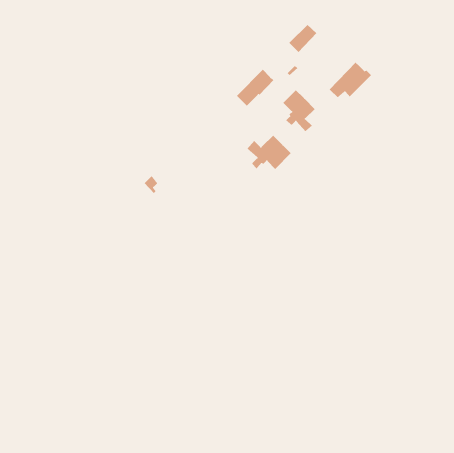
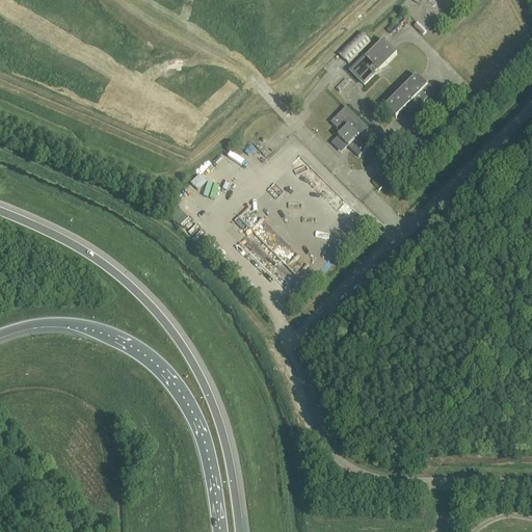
building: [236,69,274,107] -> [349,37,394,81]
building: [246,135,292,170] -> none

